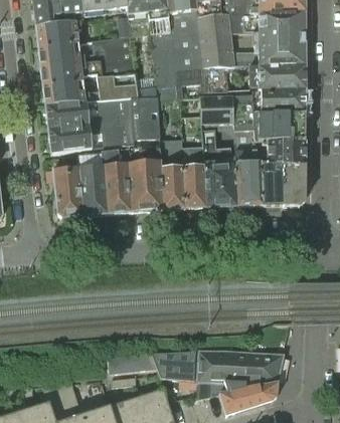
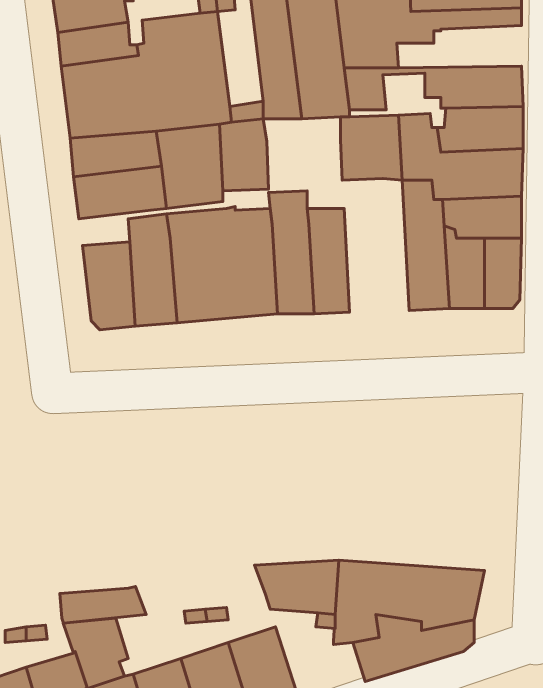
building: [233,42,305,66] -> none
building: [202,130,240,206] -> none
building: [109,351,158,372] -> [60,586,146,623]

